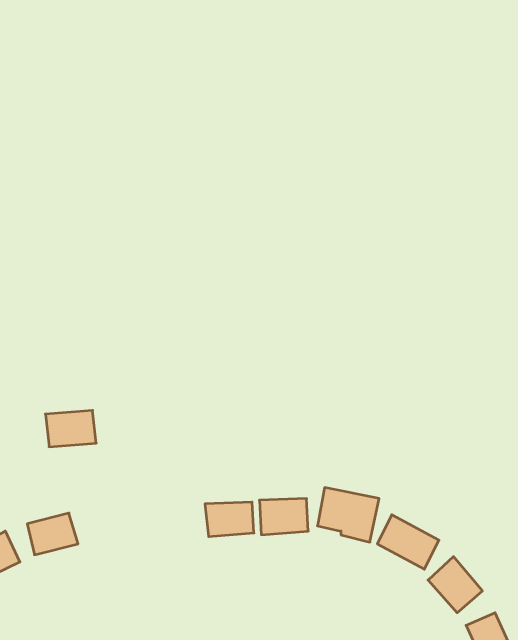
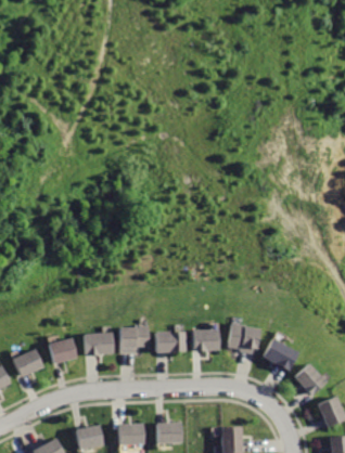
building: [45,410,96,447] -> [87,332,117,353]
building: none -> [120,324,152,352]

